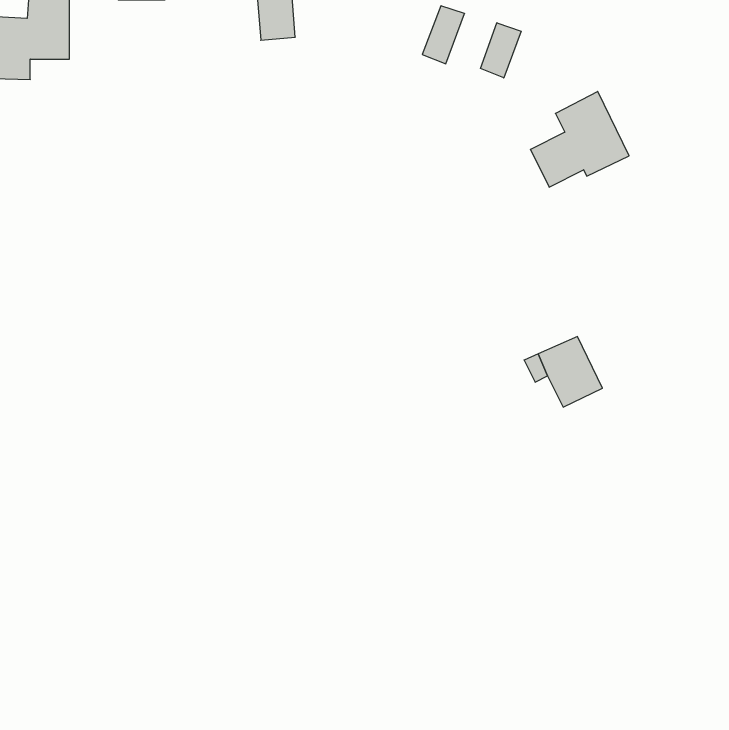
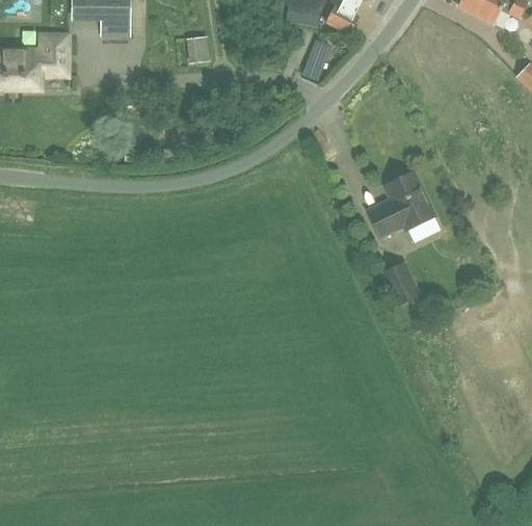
building: [480,23,521,78] -> none
building: [530,91,629,187] -> [368,172,433,235]

